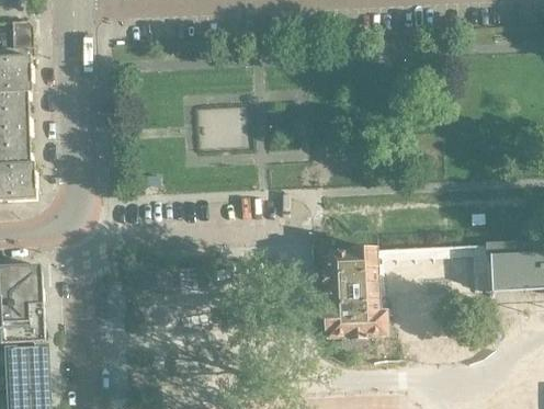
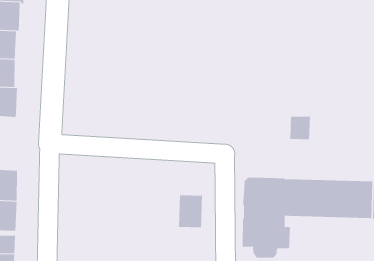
building: none -> [290,116,310,140]
building: none -> [178,194,203,228]

